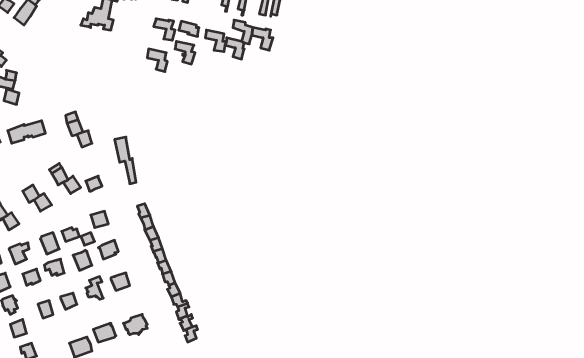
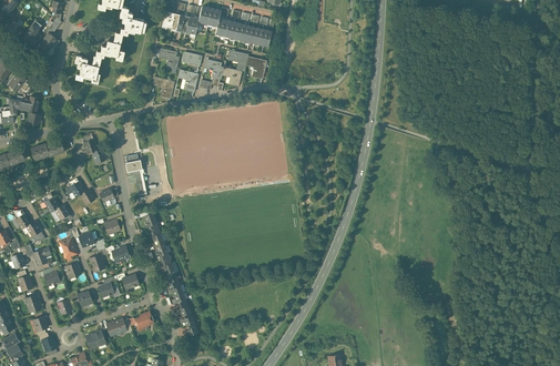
building: none -> [74,55,102,83]

